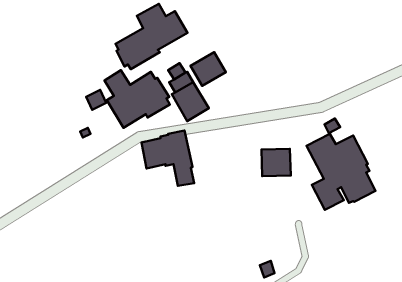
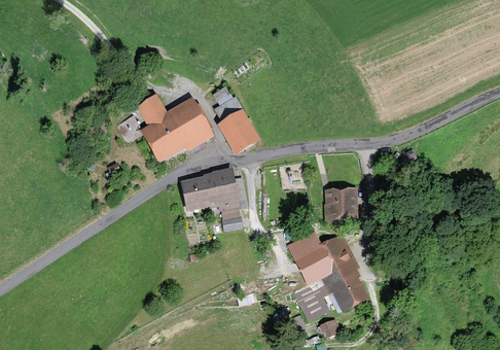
building: [115,4,187,69] -> none
building: [191,52,226,86] -> none
building: [307,134,376,210] -> [287,231,369,321]

